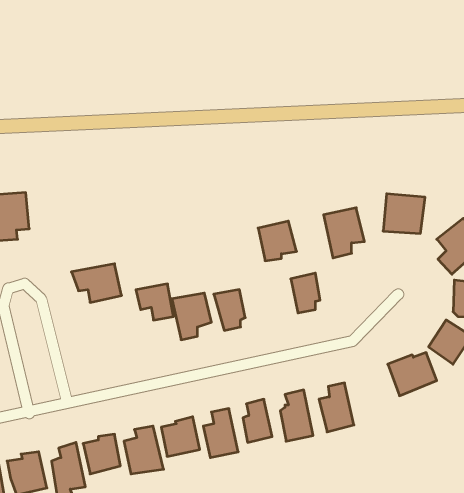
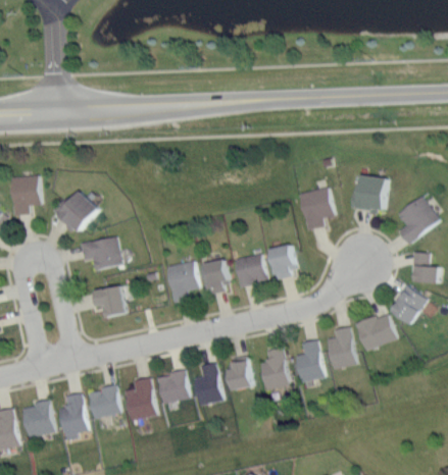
building: none -> [49,192,99,232]
building: [258,221,297,261] -> [234,253,267,287]
building: [136,284,173,320] -> [93,285,126,317]
building: none -> [327,327,357,370]

